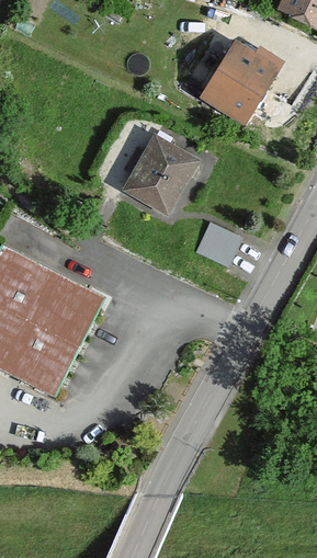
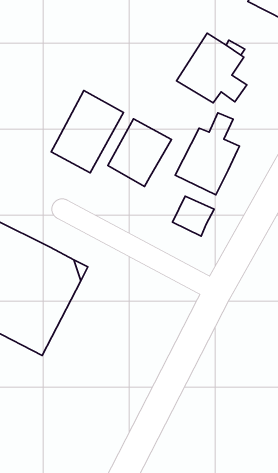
building: none -> [51,91,123,173]
building: none -> [175,113,239,195]

